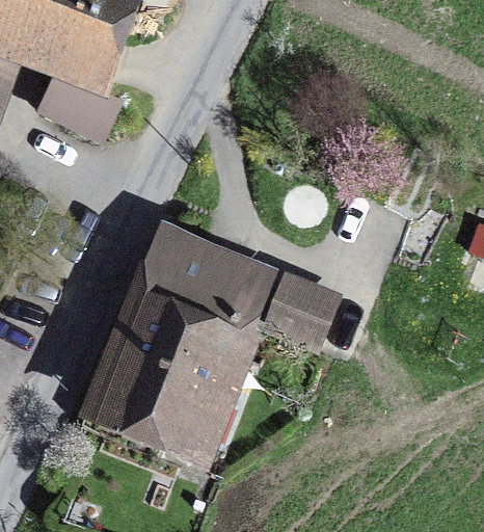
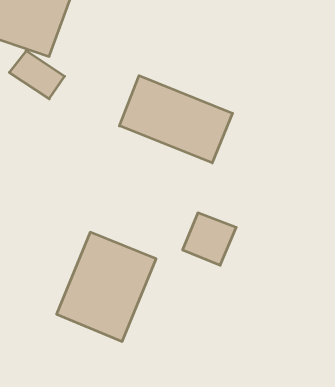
building: none -> [119,76,233,163]
building: [147,236,261,339] -> none

